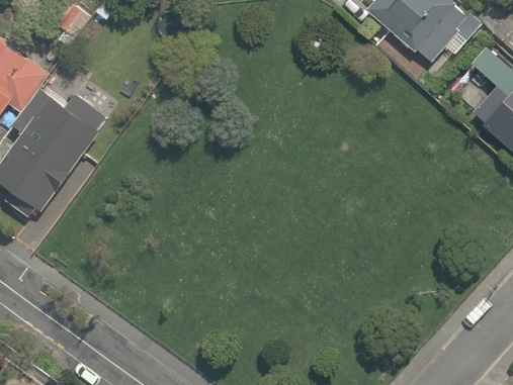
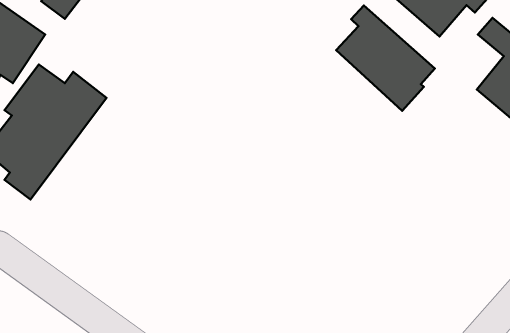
building: none -> [336,5,435,111]

